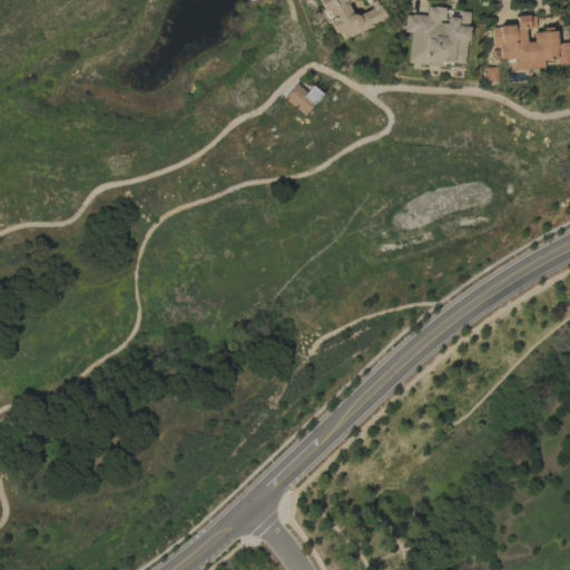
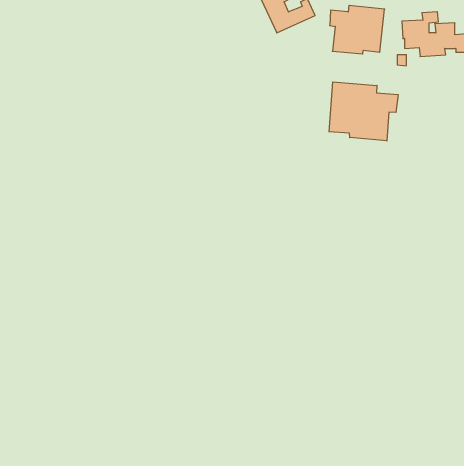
building: [285,83,324,116] -> none
building: none -> [329,82,398,141]

